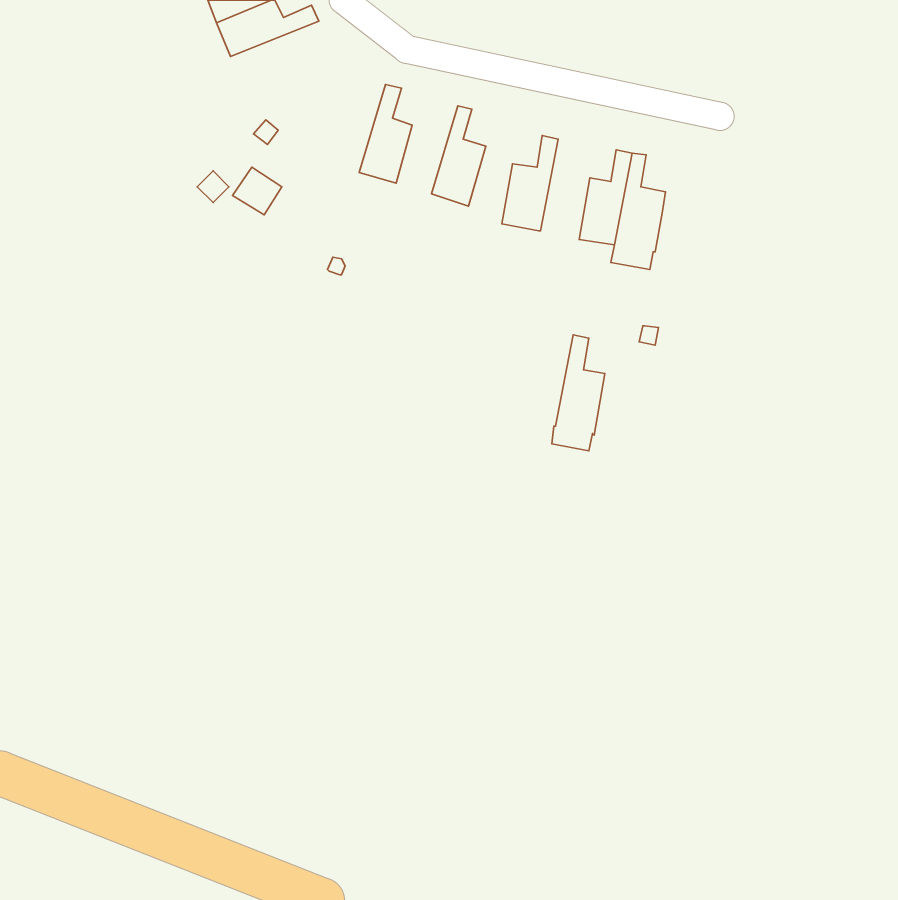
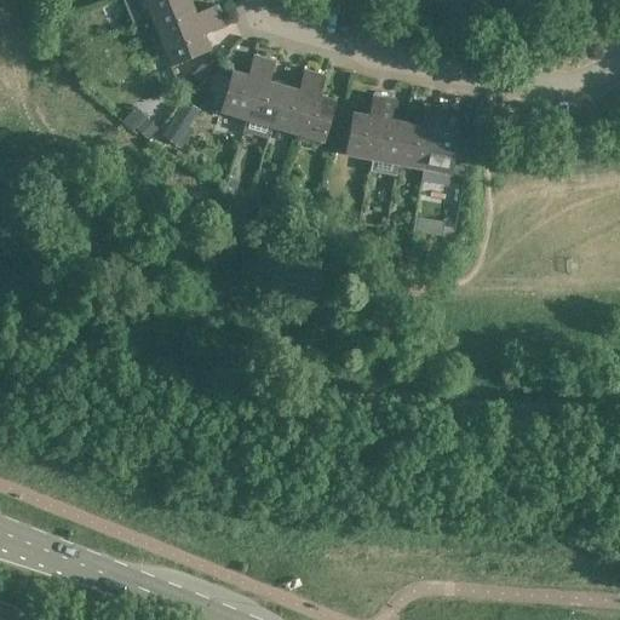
building: none -> [160,15,224,65]
building: none -> [220,54,266,119]
building: none -> [274,69,316,133]
building: [552,335,605,451] -> [371,96,407,176]

